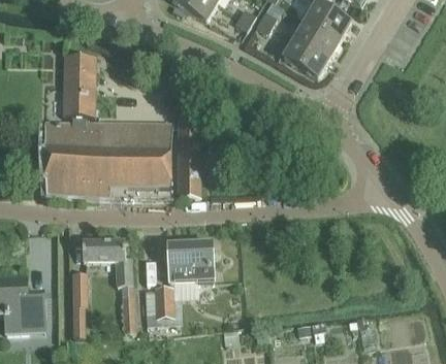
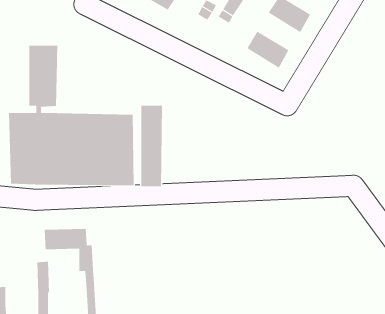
building: [295,21,340,59] -> none
building: [167,241,212,286] -> none
building: [154,285,174,317] -> none

